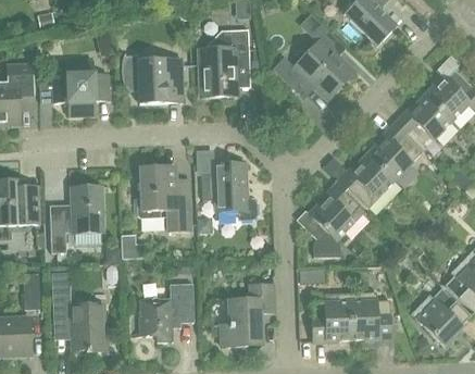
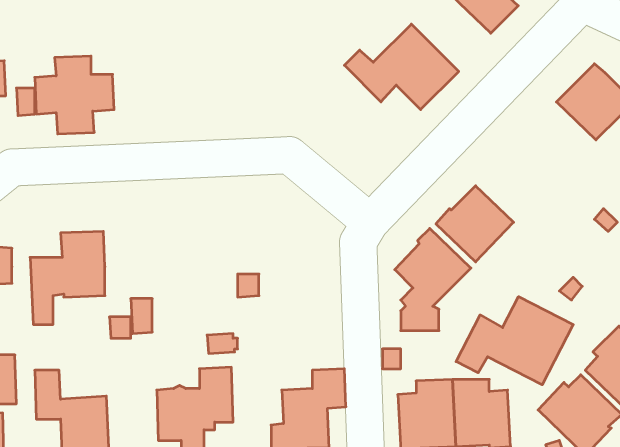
building: [200,29,248,96] -> none
building: [121,52,183,103] -> none
building: [396,94,452,148] -> none
building: [366,124,421,179] -> none
building: [201,163,254,219] -> none
building: [137,166,192,232] -> none
building: none -> [456,297,573,385]

